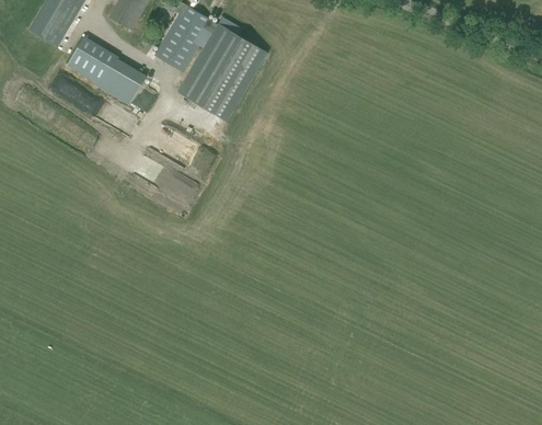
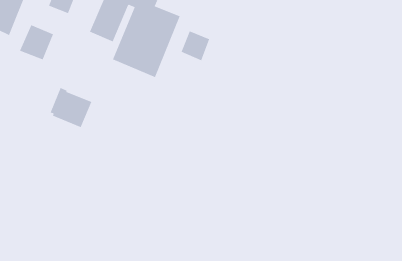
building: [93,54,146,106] -> [50,87,92,128]
building: none -> [181,31,210,61]

